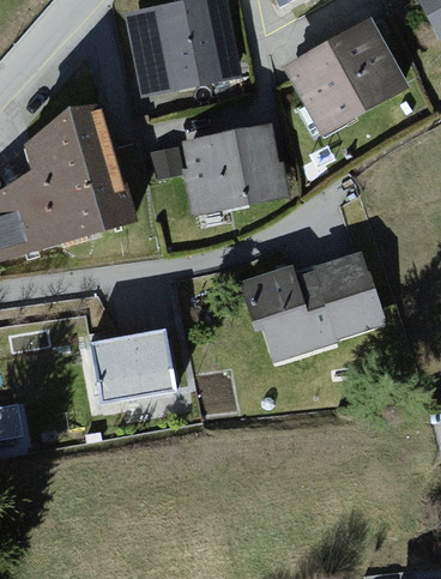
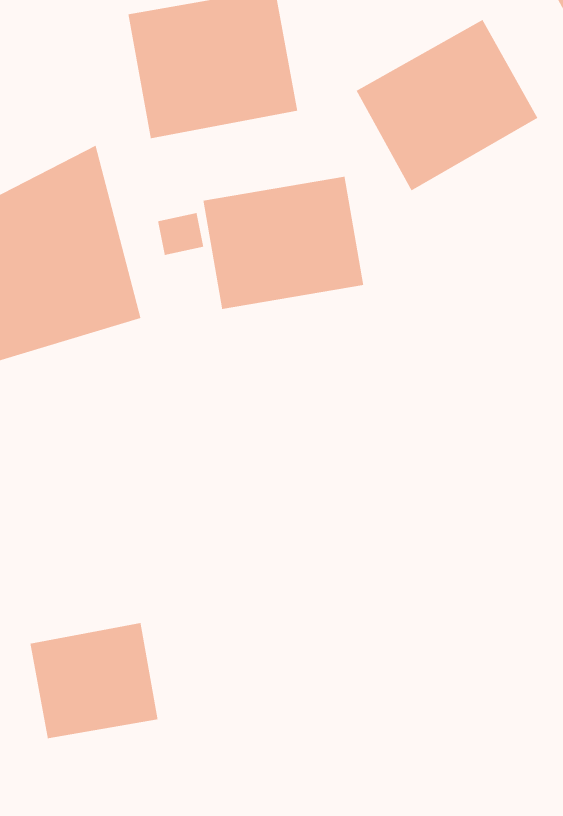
building: [238,248,387,361] -> none
building: [89,326,177,406] -> [30,622,158,739]

